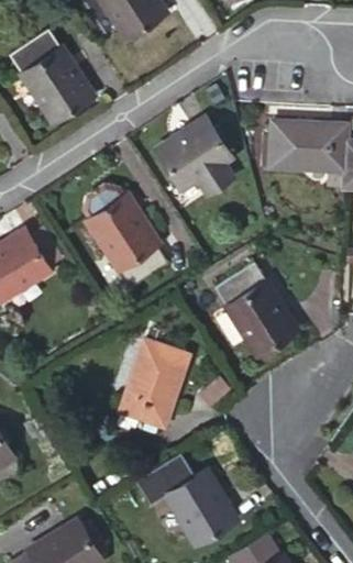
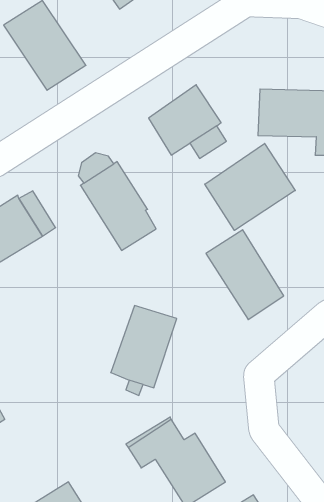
building: none -> [205,143,295,230]

